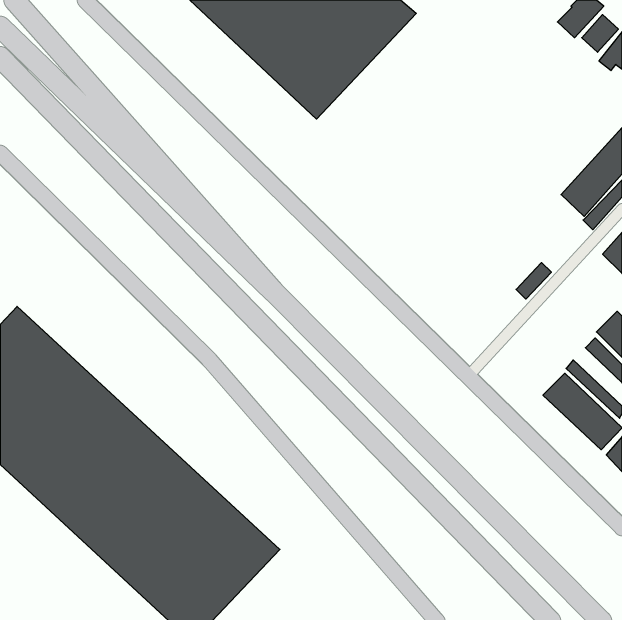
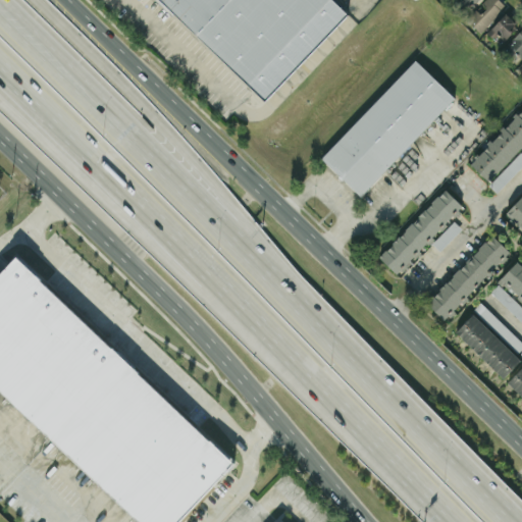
building: none -> [321,60,455,197]
building: none -> [378,190,463,274]
building: none -> [426,236,510,320]

